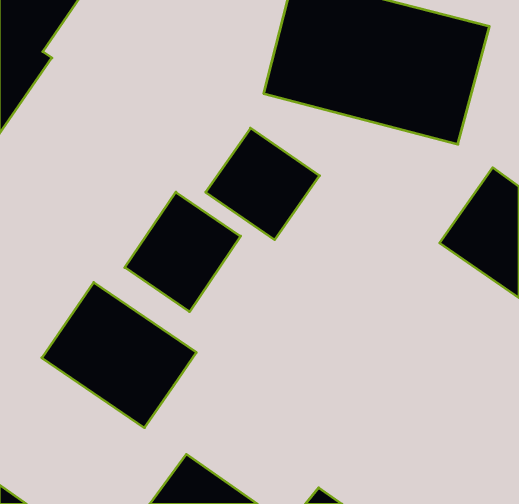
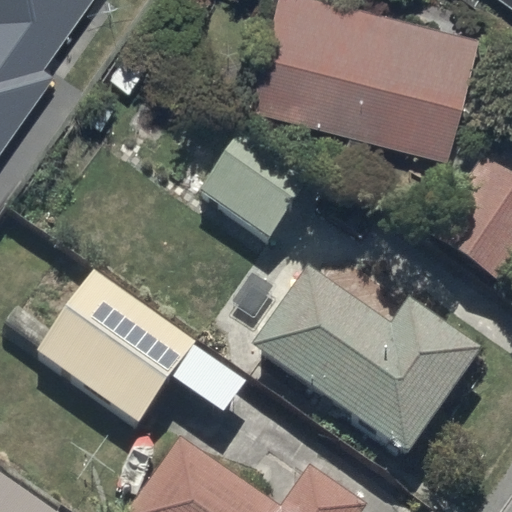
building: [125,192,241,312] -> none
building: none -> [261,278,482,458]

